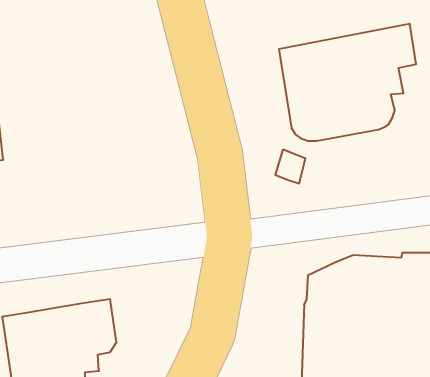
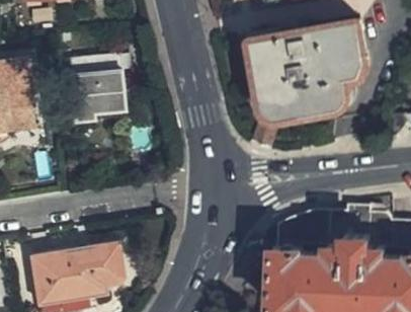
building: none -> [70,59,124,130]

